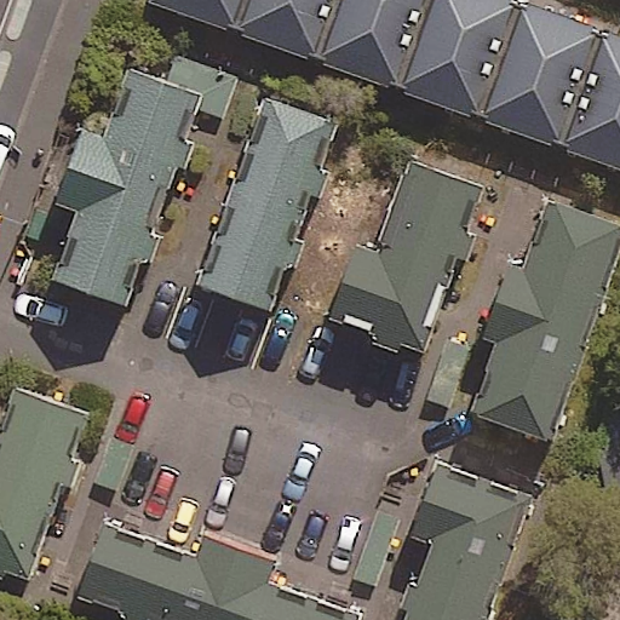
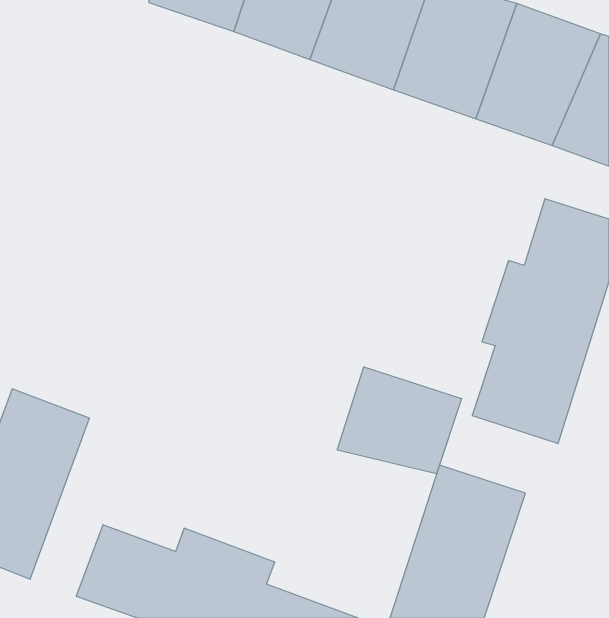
building: [56,69,201,306] -> none
building: [196,93,337,310] -> none
building: [325,155,483,355] -> none
building: none -> [337,367,462,474]

